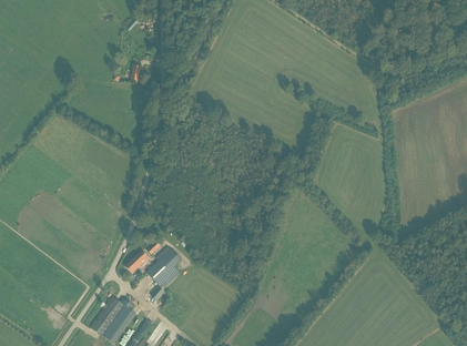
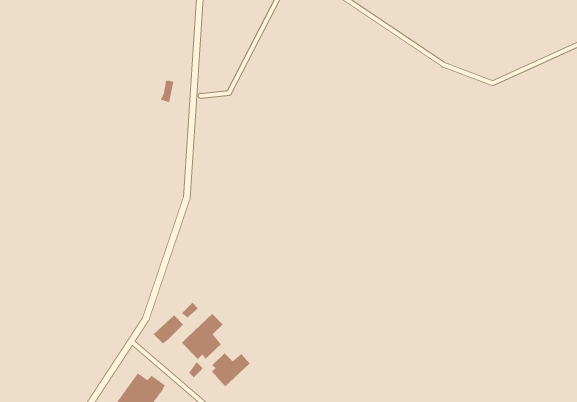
building: none -> [211,353,250,387]

